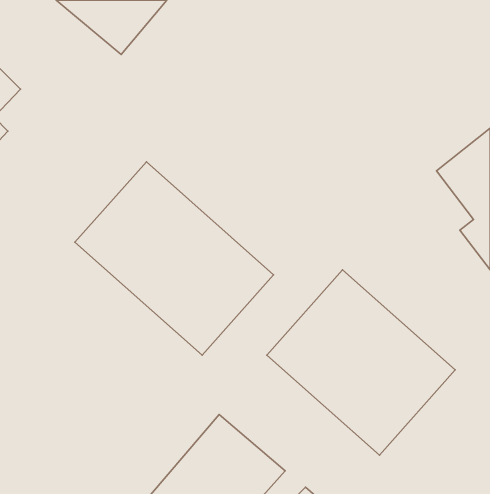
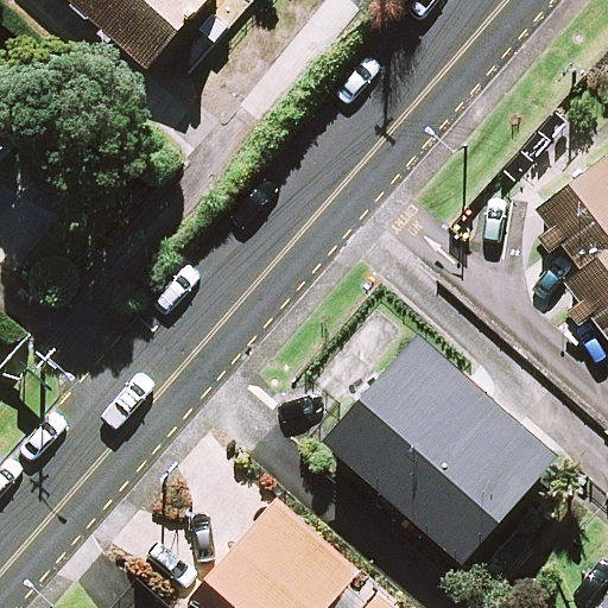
building: [75,162,274,355] -> none

